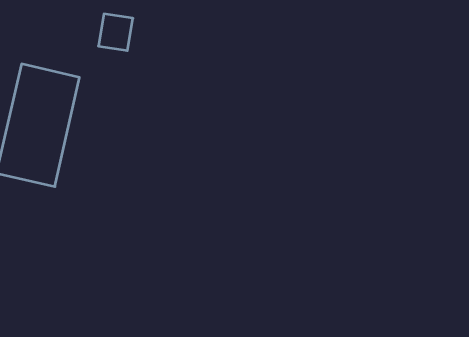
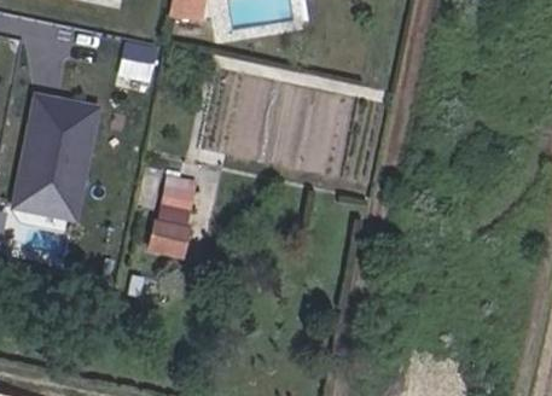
building: none -> [150,170,197,255]

